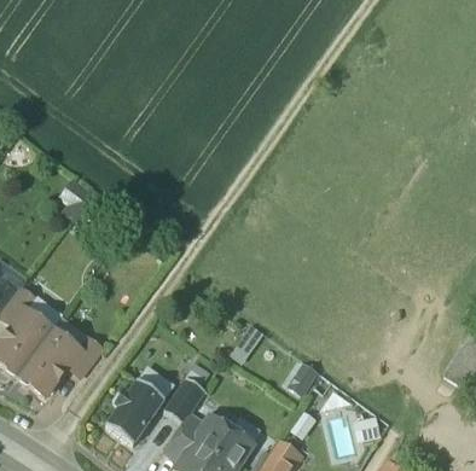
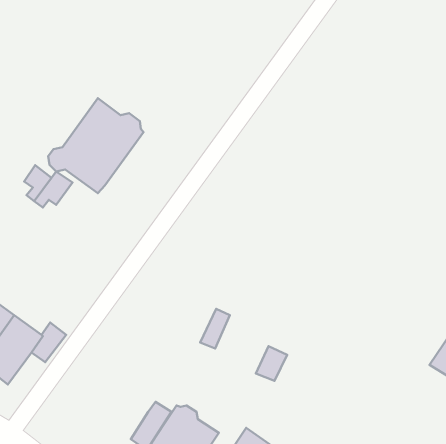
building: none -> [48,98,143,193]
building: [164,376,205,423] -> none
building: [105,379,164,443] -> none

